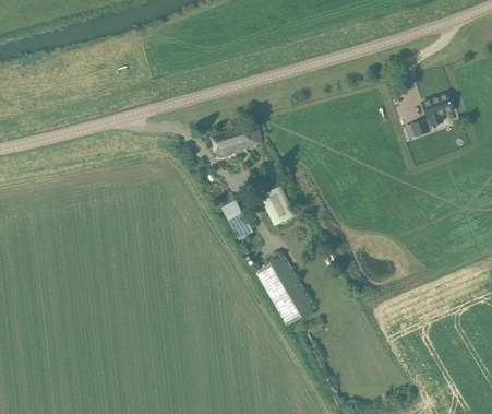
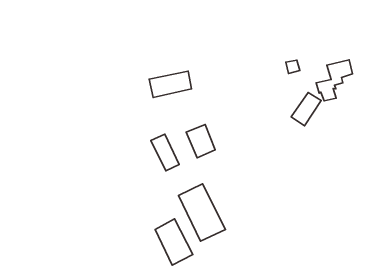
building: none -> [291,92,321,126]
building: none -> [155,219,193,265]

